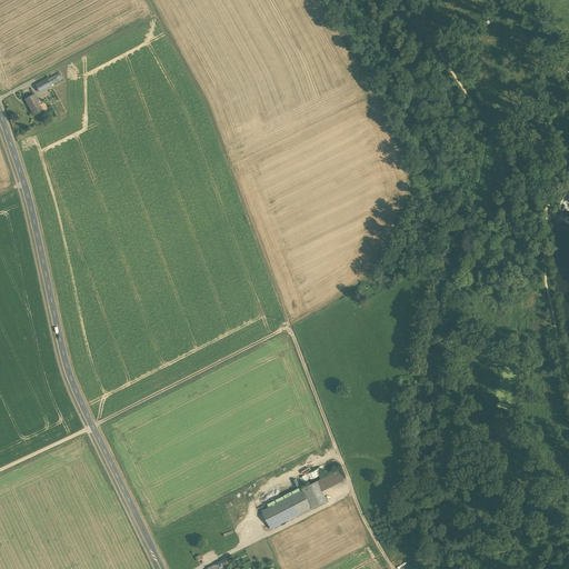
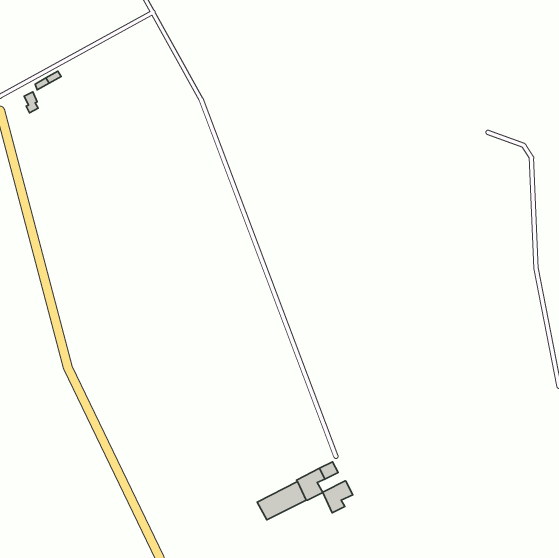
building: none -> [323,481,353,513]

